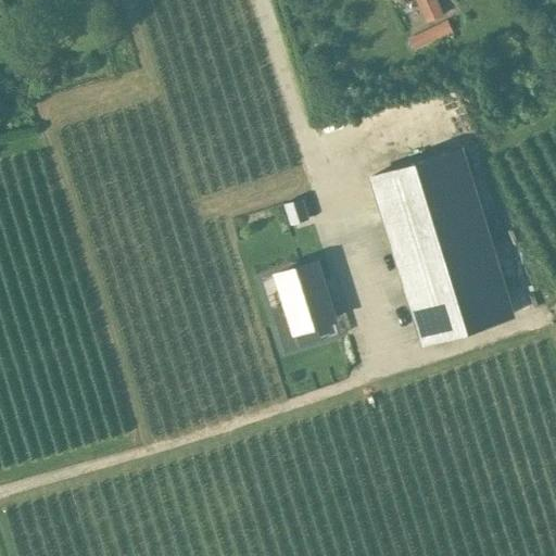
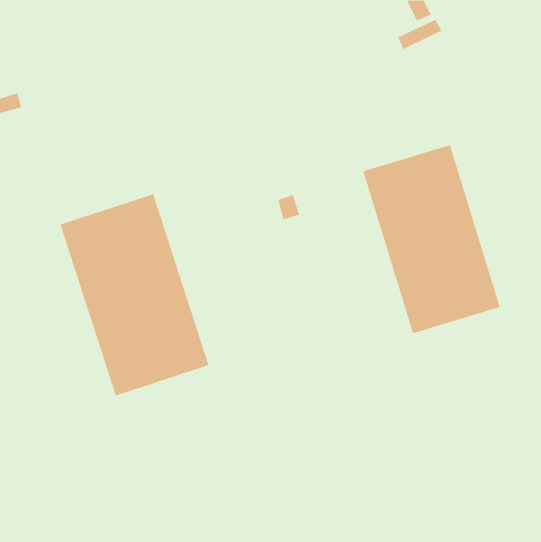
building: none -> [60,193,209,397]
building: [275,262,333,351] -> none

